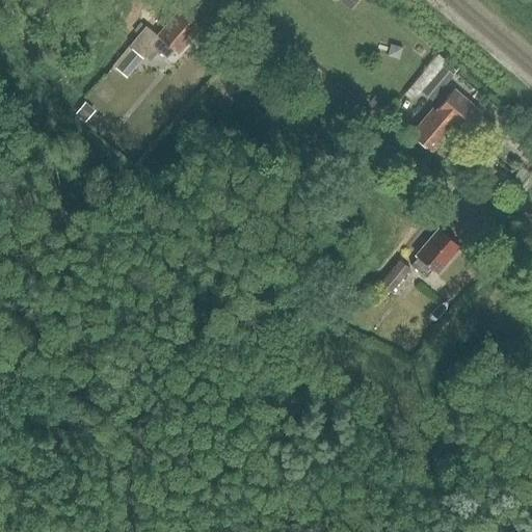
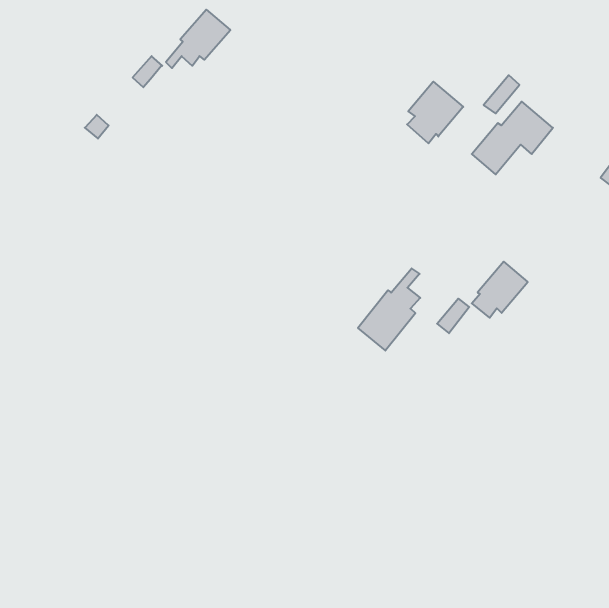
building: none -> [407,82,463,143]
building: none -> [358,268,420,351]

